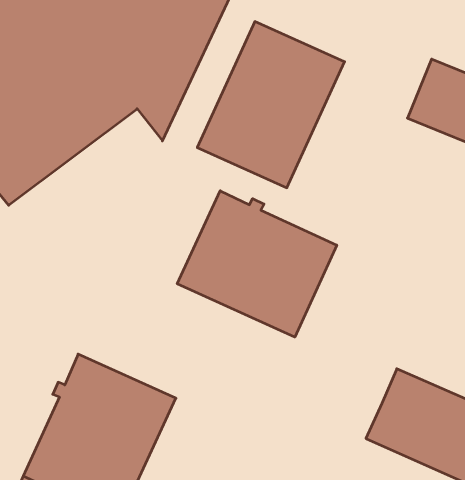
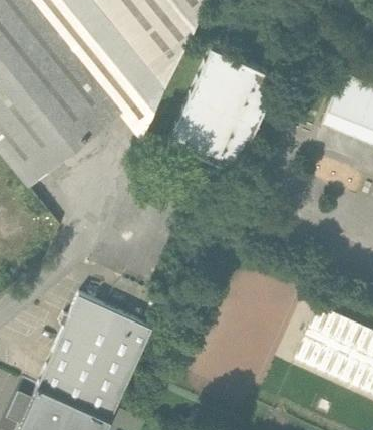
building: [177,191,337,337] -> none

